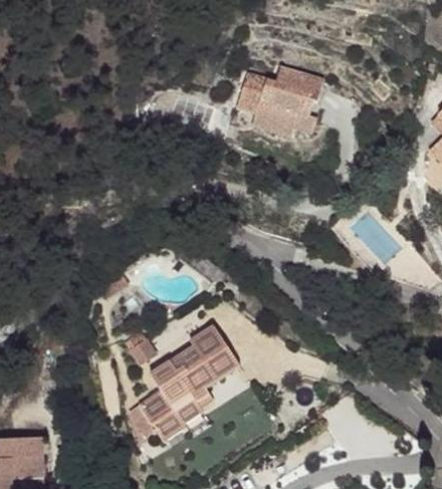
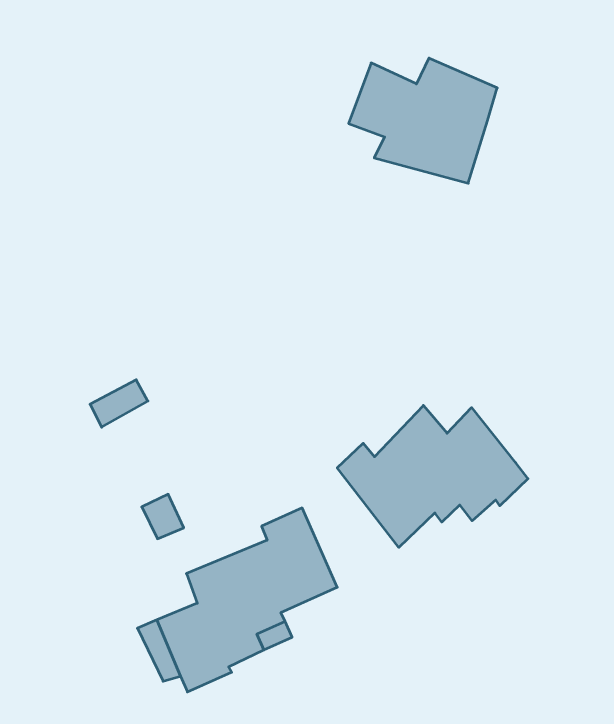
building: none -> [337,405,528,547]

